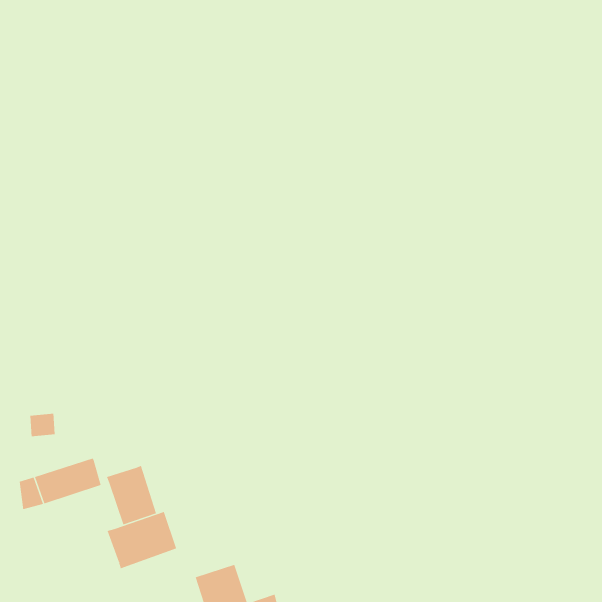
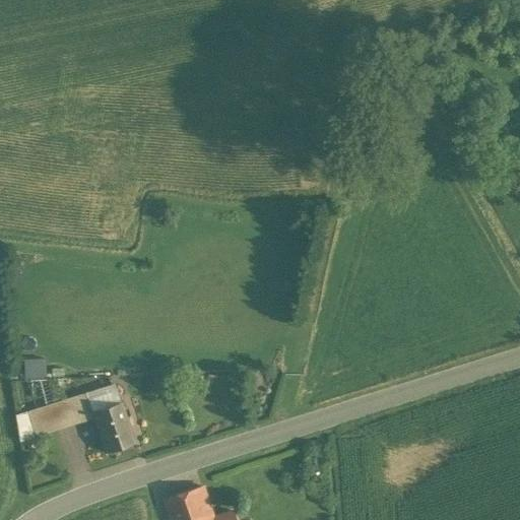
building: none -> [82,387,118,418]
building: [107,511,177,569] -> none

